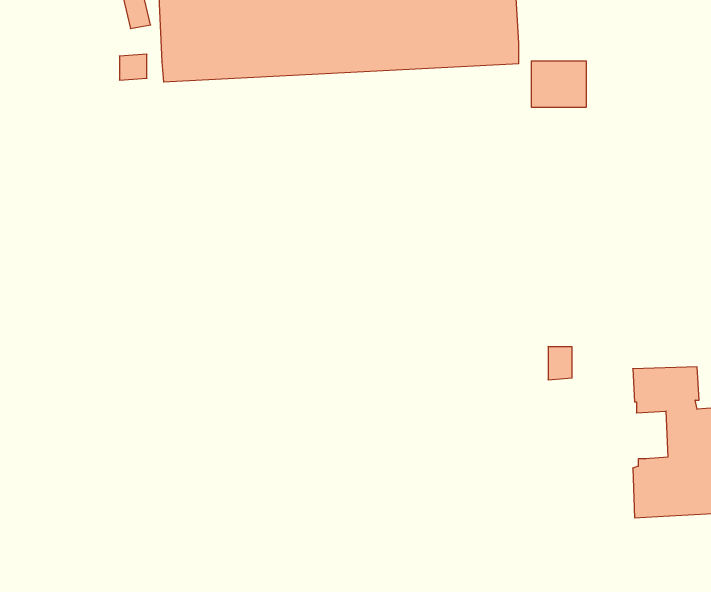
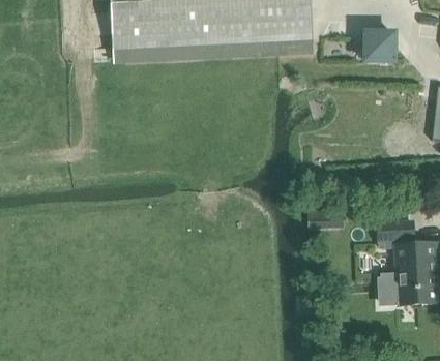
building: [531,61,586,107] -> [363,32,394,58]

